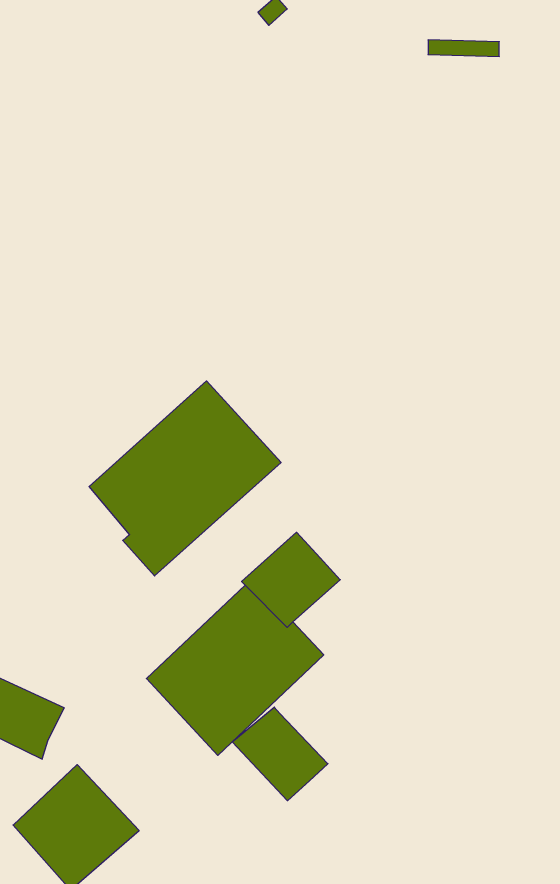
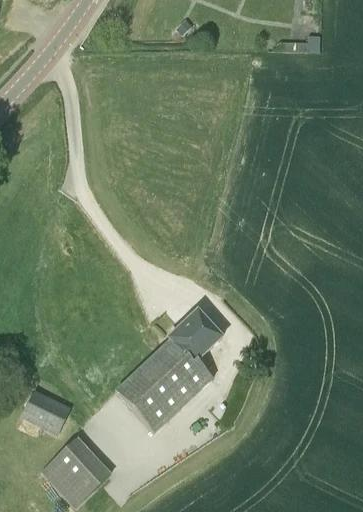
building: [89,381,281,576] -> none
building: [232,707,328,801] -> none

